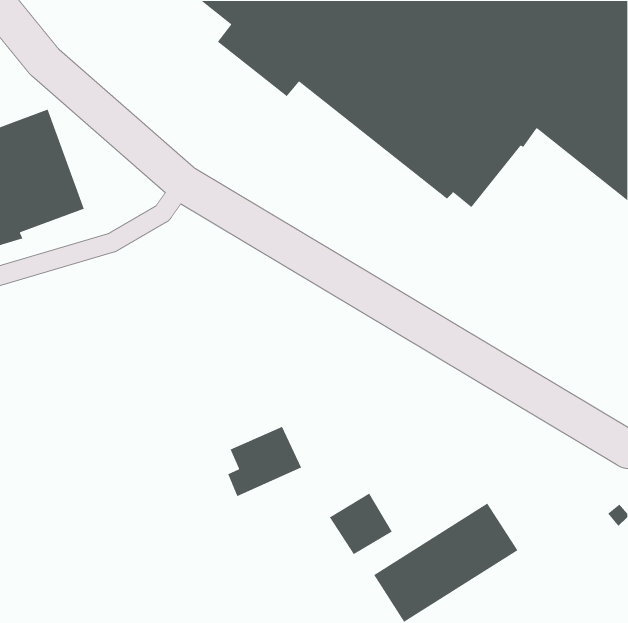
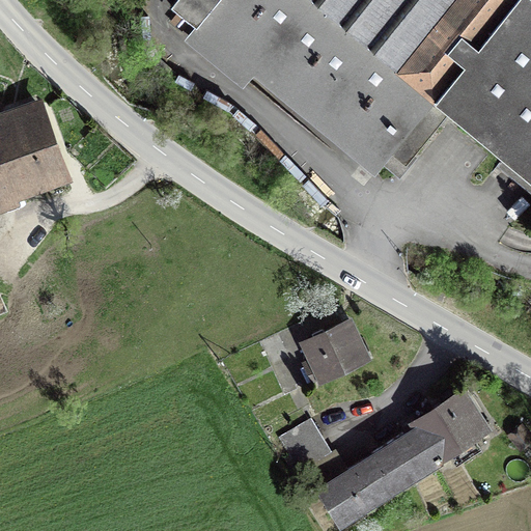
building: [227,426,302,497] -> [303,324,366,384]
building: none -> [407,387,492,469]

